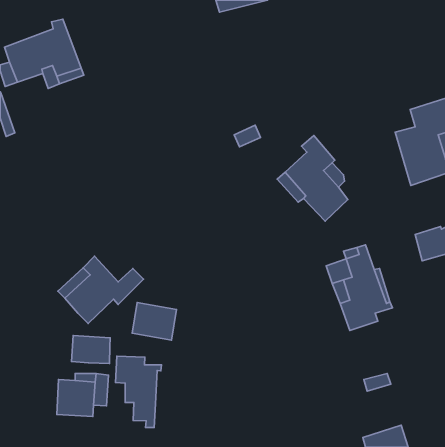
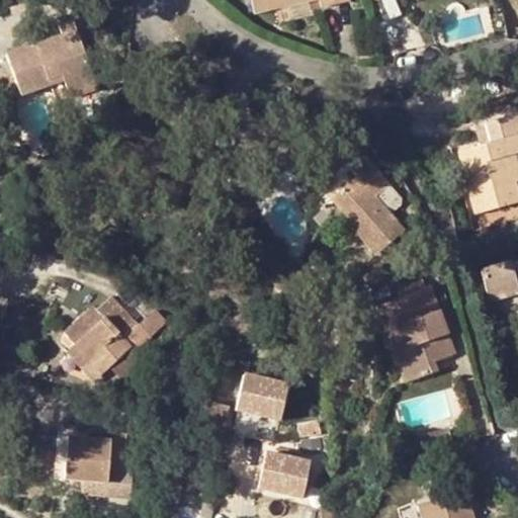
building: [132,302,177,340] -> [233,377,284,421]
building: [71,335,110,364] -> none
building: [116,356,162,428] -> none
building: none -> [258,454,310,497]

